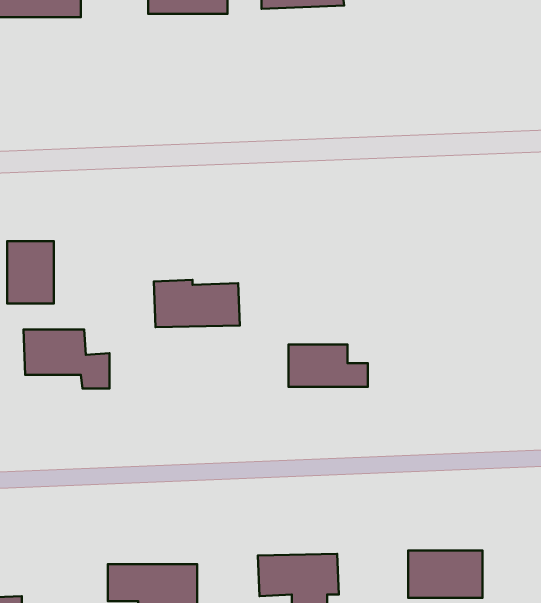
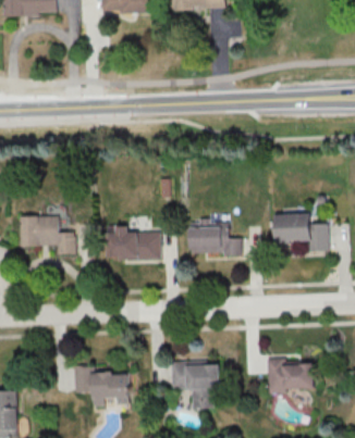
building: [7,241,54,304] -> none
building: [154,280,240,327] -> [103,229,159,260]
building: none -> [274,215,328,253]

